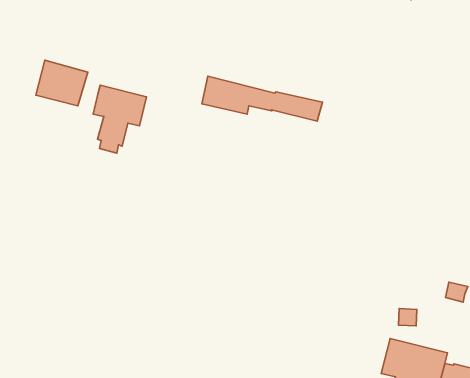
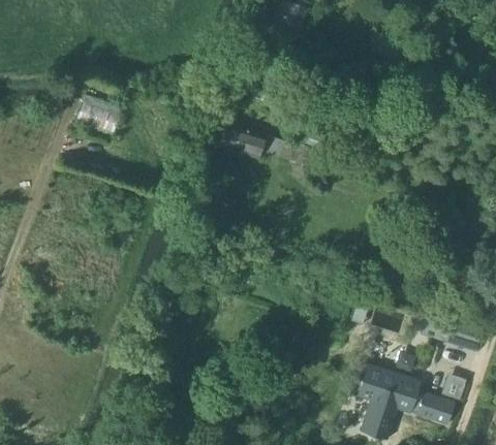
building: [93,85,146,153] -> none

